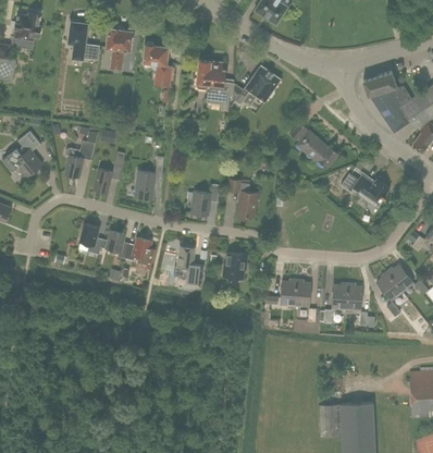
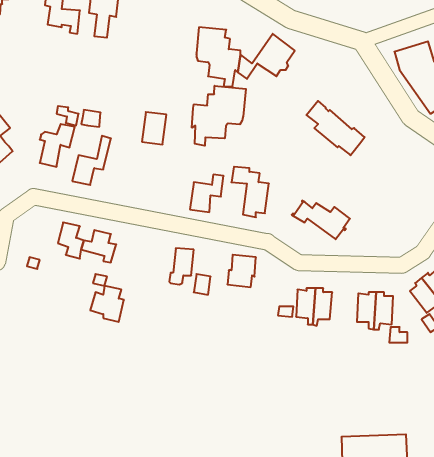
building: [143,44,174,86] -> none
building: none -> [192,86,246,146]
building: [135,170,156,197] -> [142,112,166,144]
building: [341,172,389,205] -> [292,201,350,239]
building: [125,236,153,267] -> [90,286,124,322]

